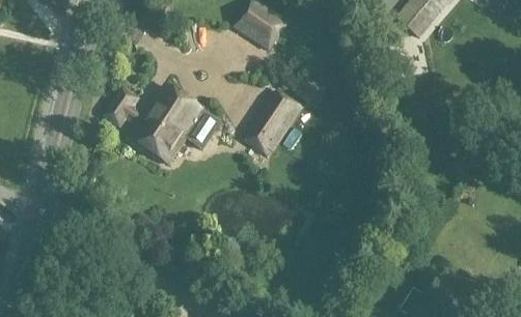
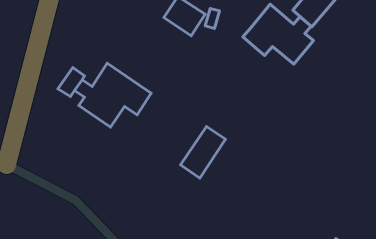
building: none -> [243,4,314,64]
building: [244,91,300,155] -> [181,127,225,178]

